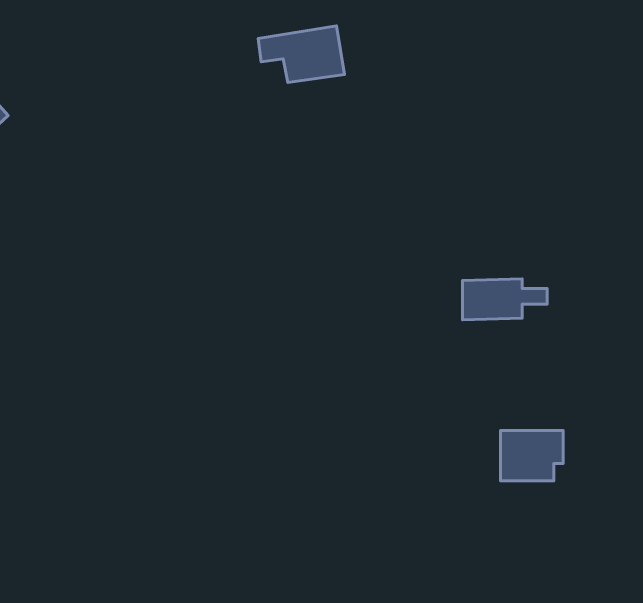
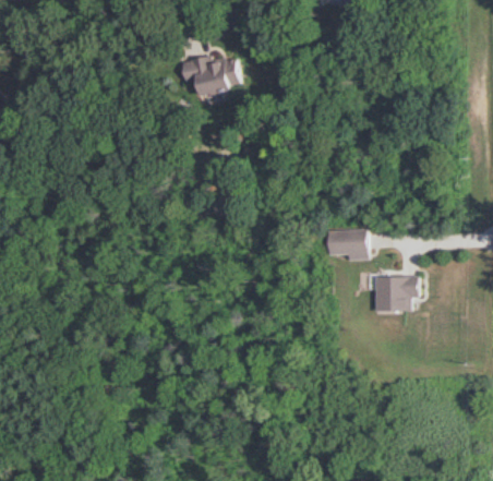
building: [500,431,563,481] -> [371,276,414,311]

